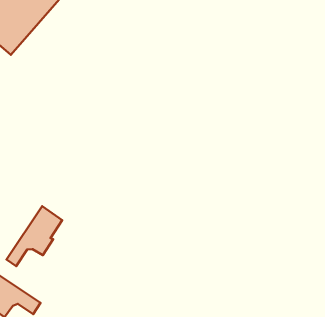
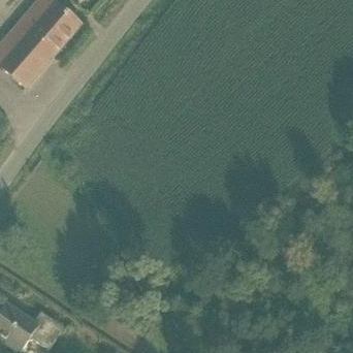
building: [7,206,62,266] -> none

